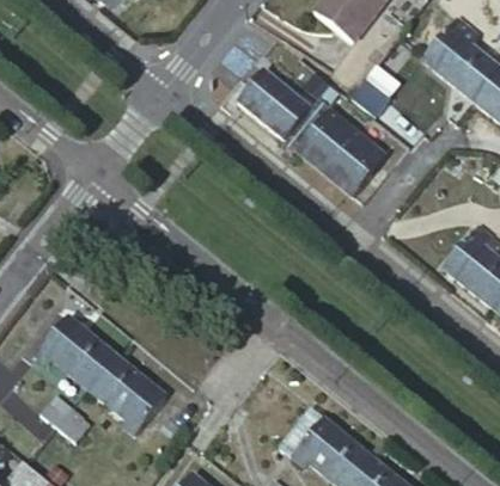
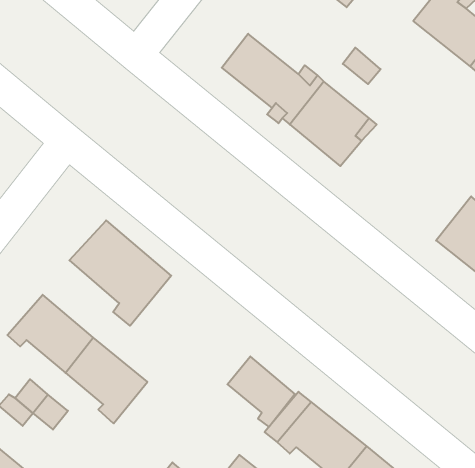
building: none -> [69,220,171,326]
building: none -> [227,356,295,427]

